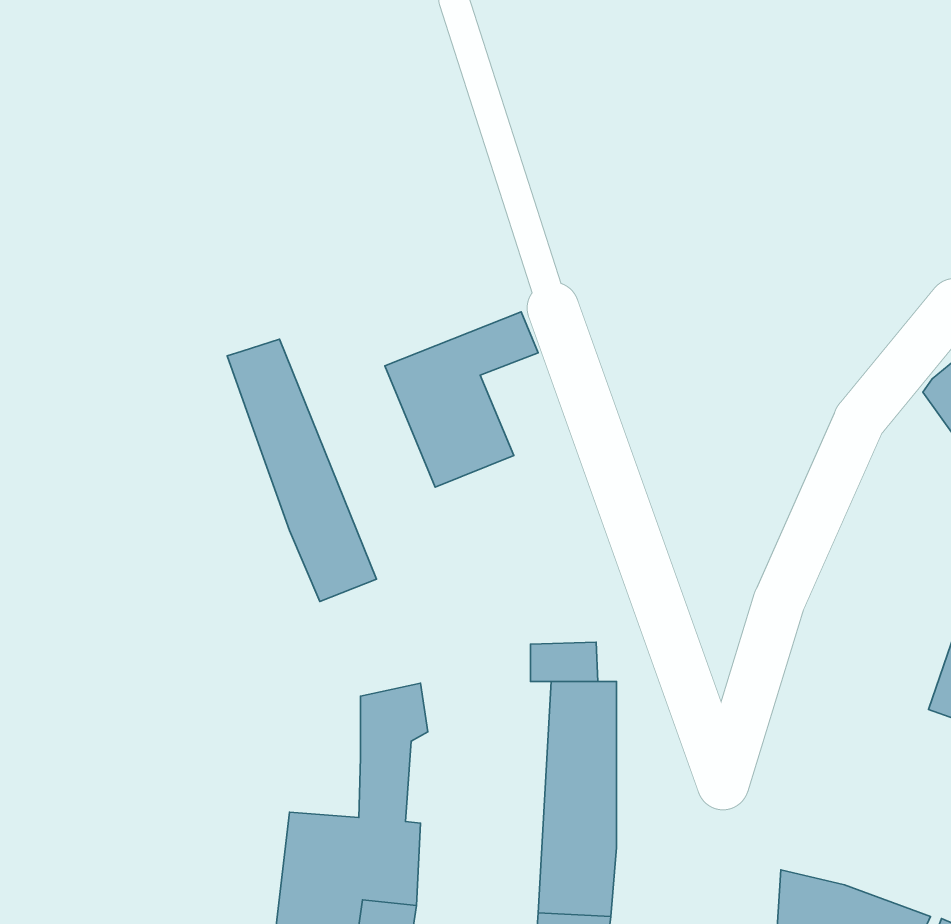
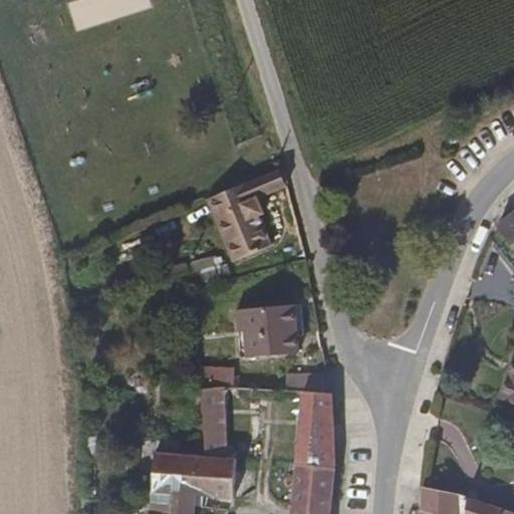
building: [227,339,377,602] -> none
building: none -> [247,295,300,348]

